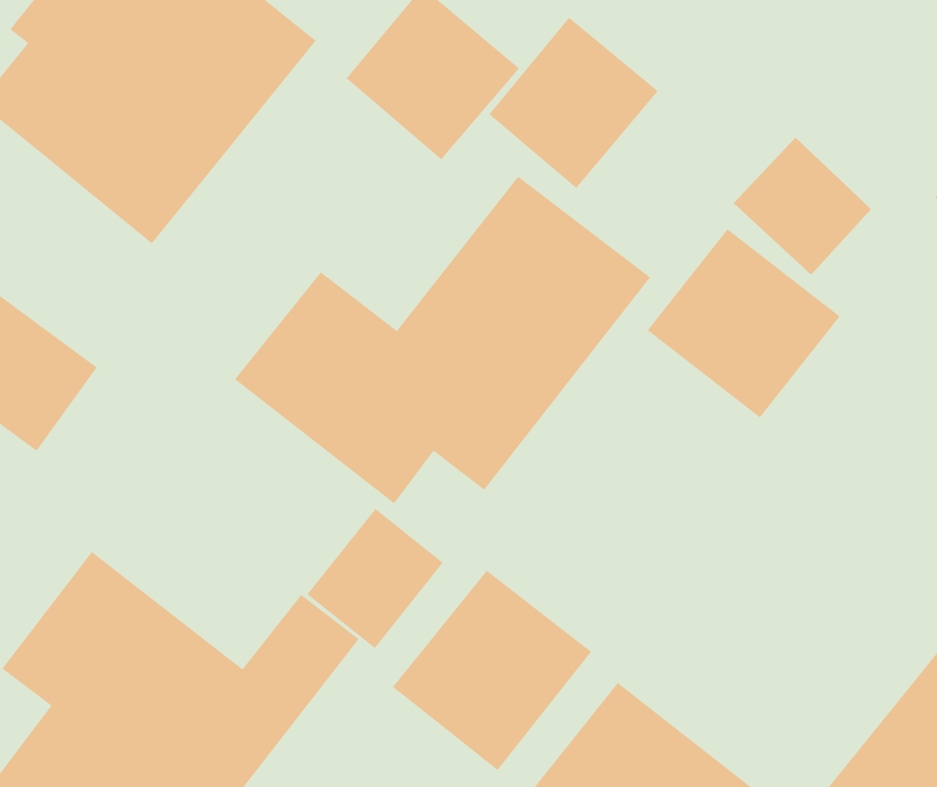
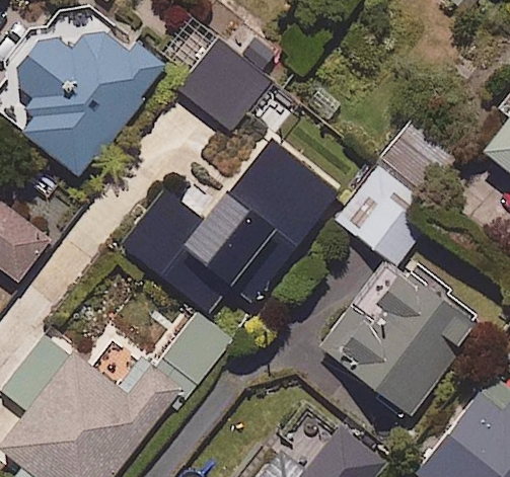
building: [489,17,658,189] -> none
building: none -> [335,263,481,414]
building: [392,570,592,771] -> none

